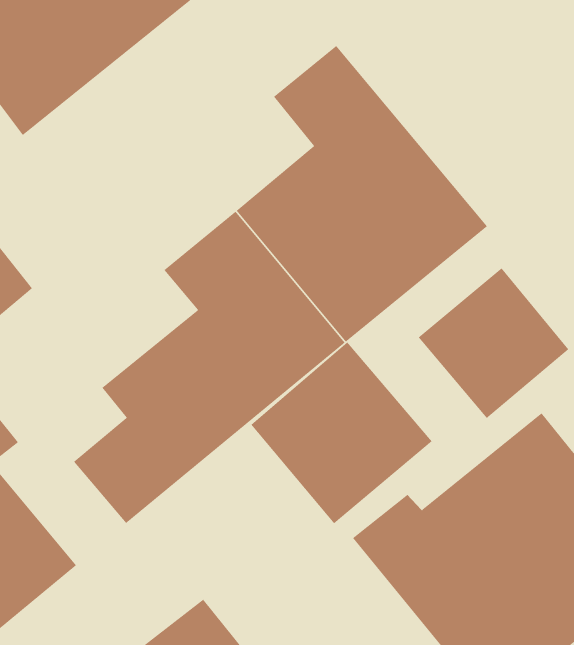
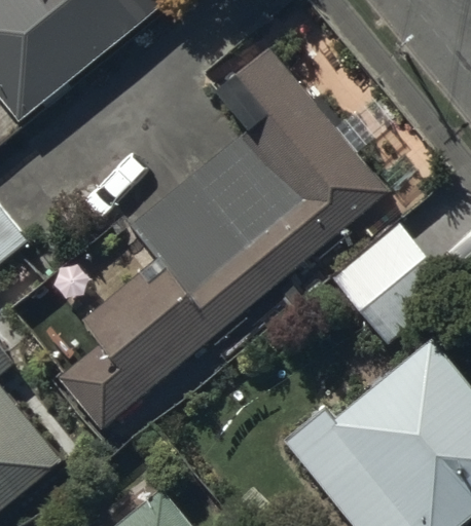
building: [251,341,432,524] -> none

